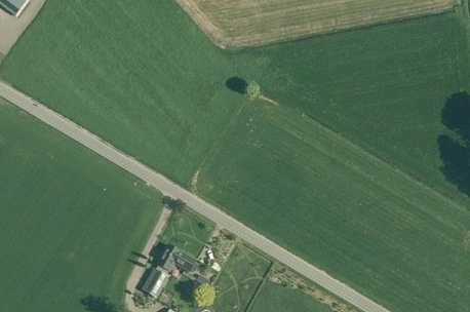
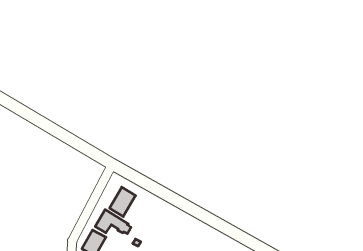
building: none -> [110,187,136,217]

